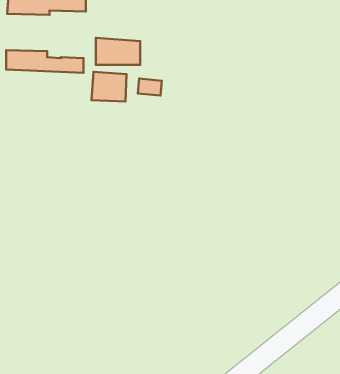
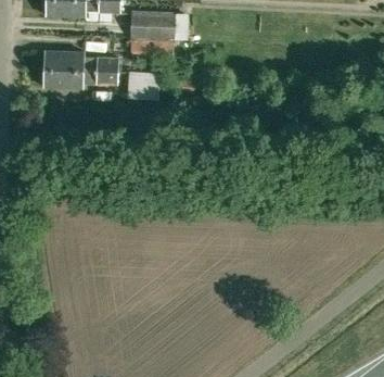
building: none -> [130,8,175,38]
building: none -> [43,70,118,89]

